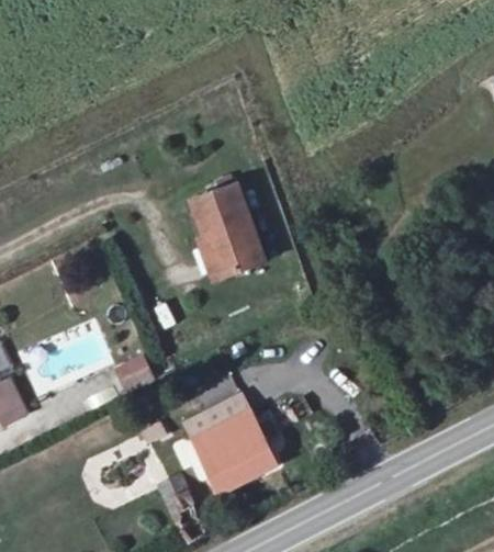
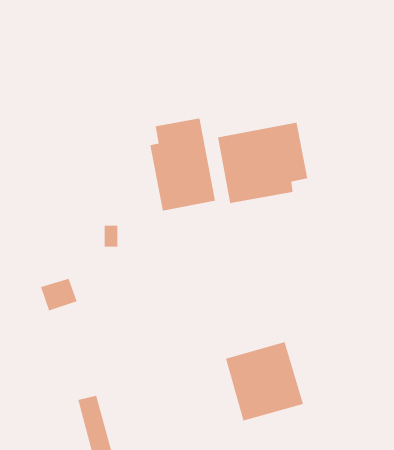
building: none -> [218,122,308,204]
building: [195,402,281,487] -> [225,342,304,421]

